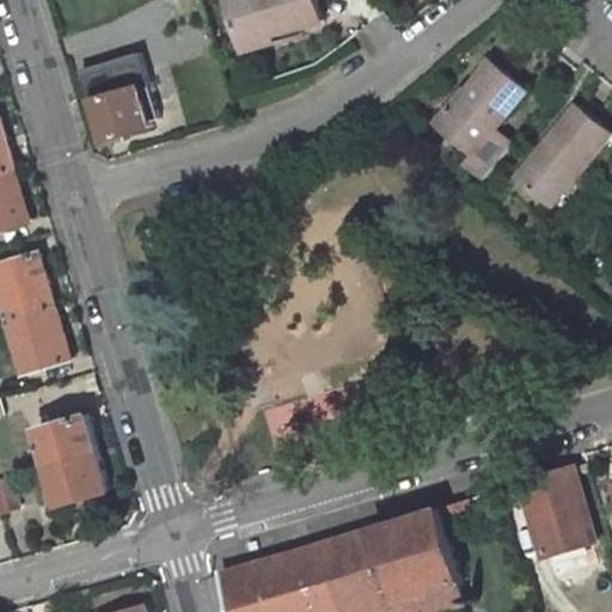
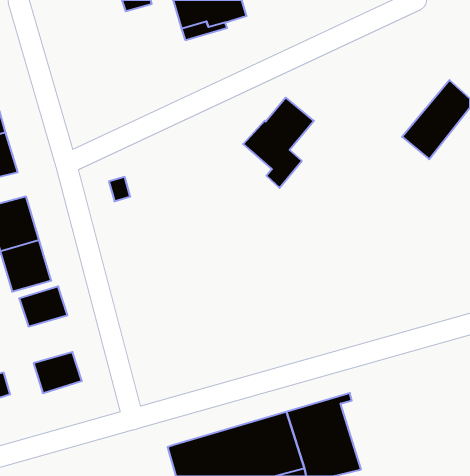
building: [73,53,155,139] -> none
building: [435,61,526,177] -> [243,98,314,188]
building: [31,415,93,466] -> [19,286,67,326]
building: [515,469,590,557] -> none

